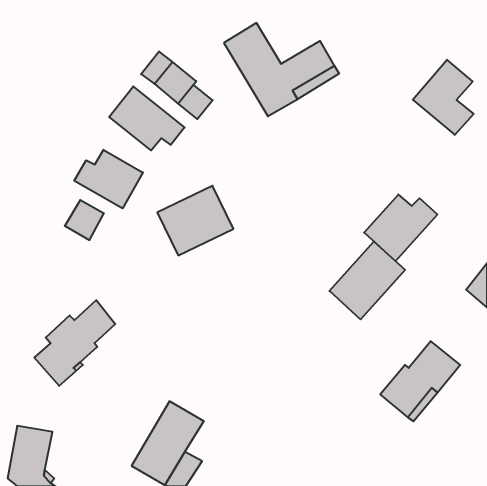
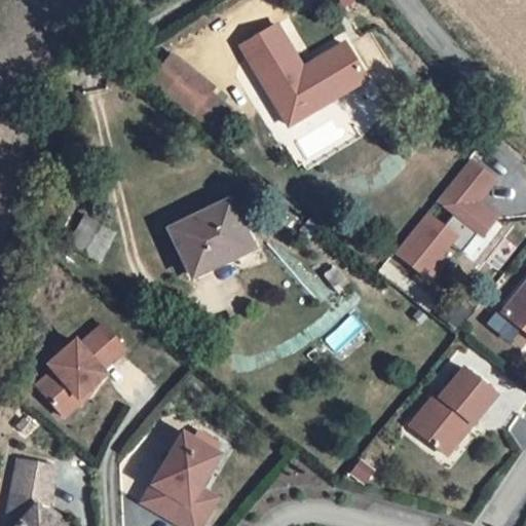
building: [413,60,474,135] -> [435,155,500,236]
building: [109,86,185,150] -> none
building: [74,150,143,208] -> none
building: [329,241,405,319] -> none

